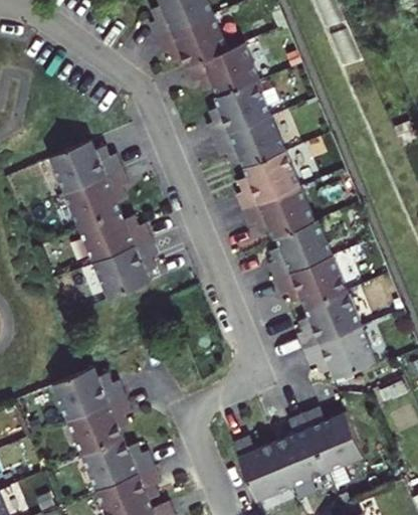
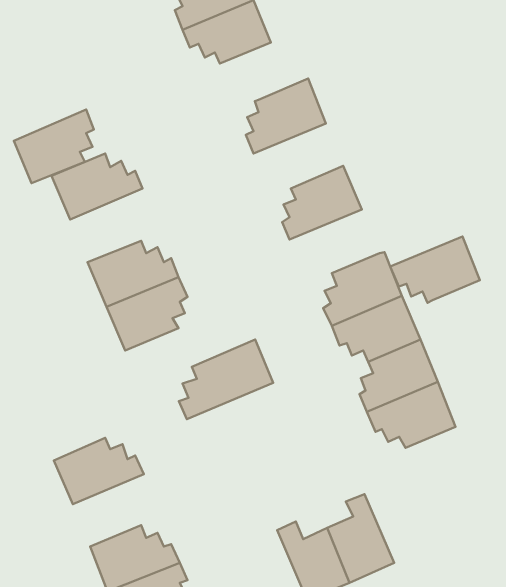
building: [185,44,257,98] -> none
building: [212,117,284,169] -> none
building: [64,169,129,228] -> [14,110,94,183]
building: [241,186,314,239] -> [390,237,480,303]
building: none -> [179,339,273,419]
building: [66,399,130,458] -> none
building: [301,408,362,471] -> none

